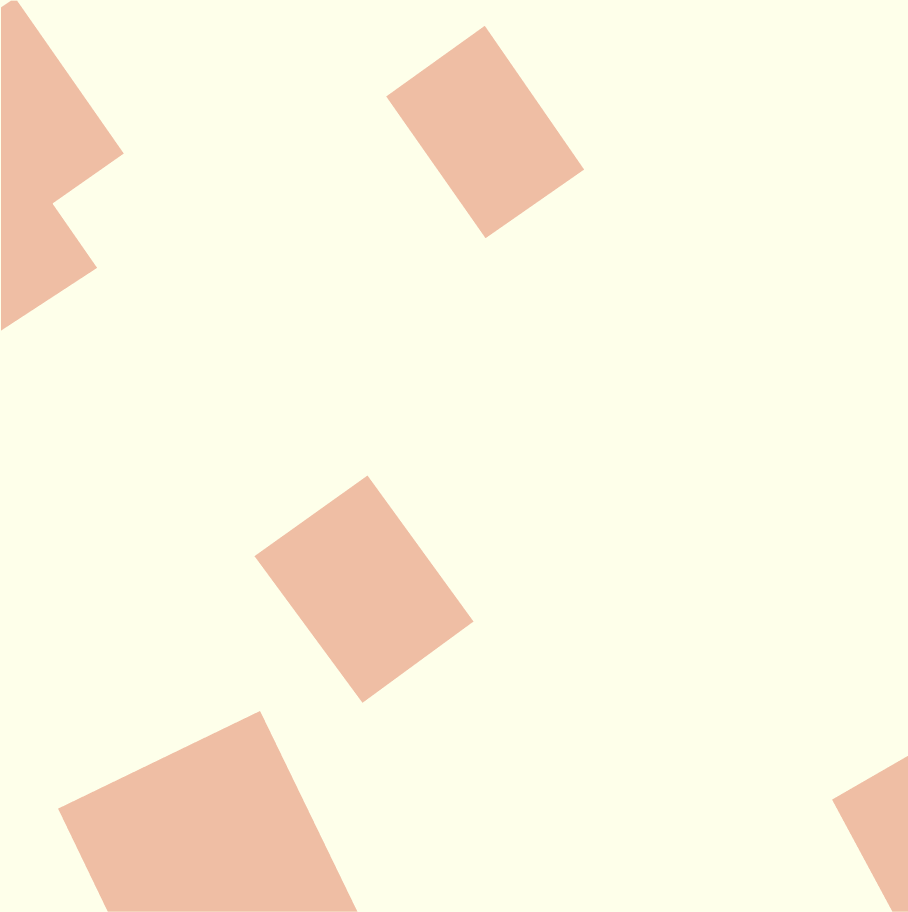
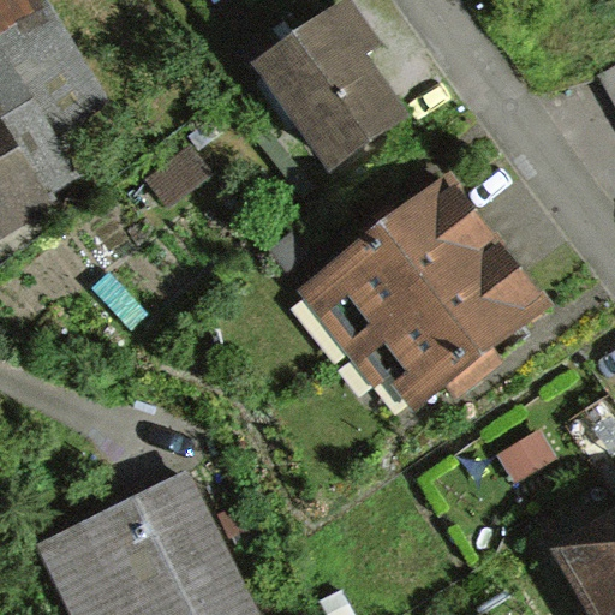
building: none -> [305,190,529,406]
building: [254,474,475,704] -> none

